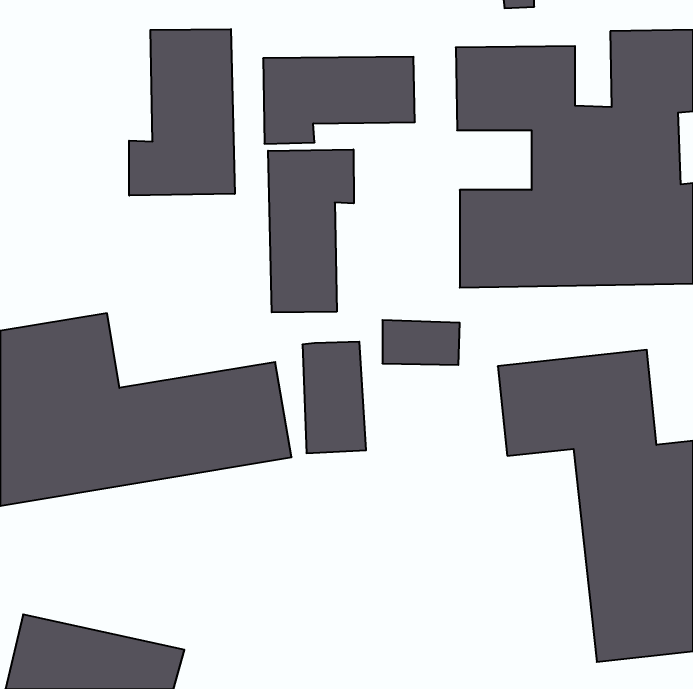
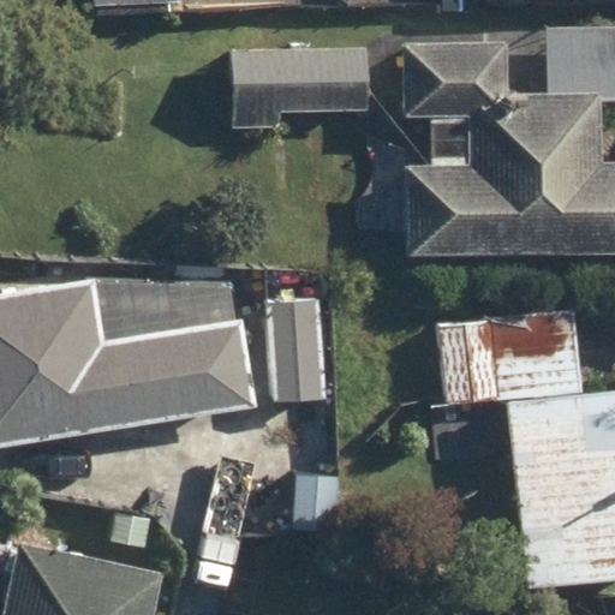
building: [129,29,235,196] -> none
building: [268,149,354,312] -> none

